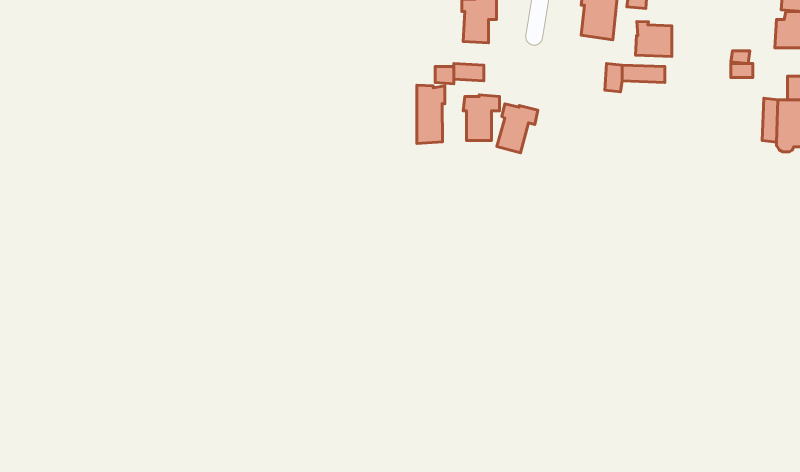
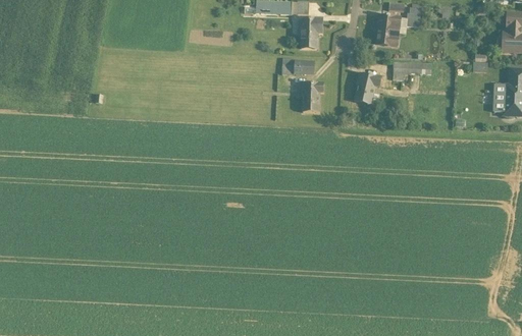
building: [635,22,672,57] -> none
building: [417,85,445,144] -> none
building: [497,104,538,153] -> [355,72,381,104]

